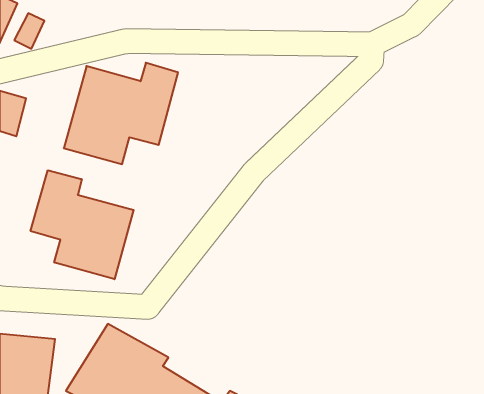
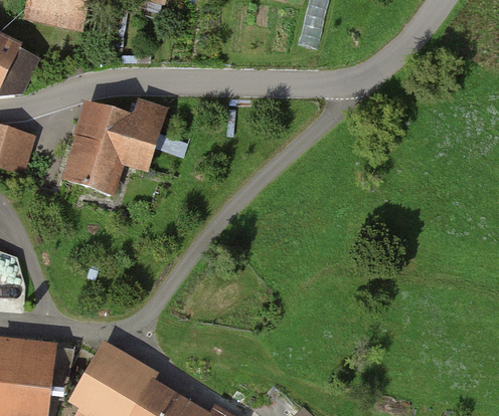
building: [31,170,134,279] -> none

